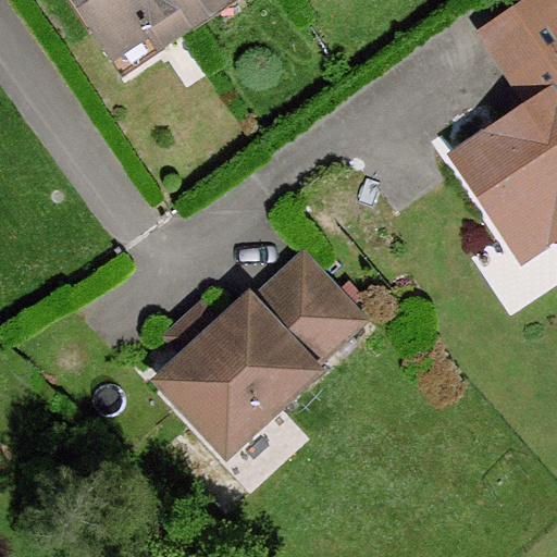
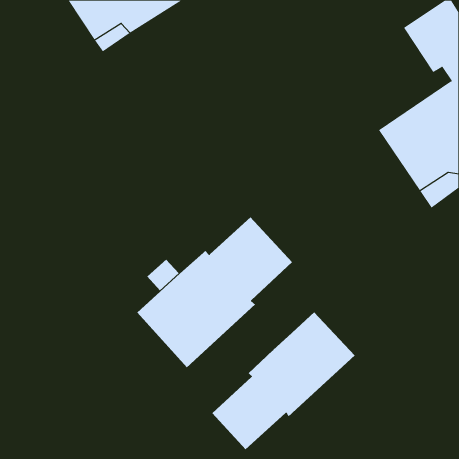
building: none -> [212,312,356,450]

